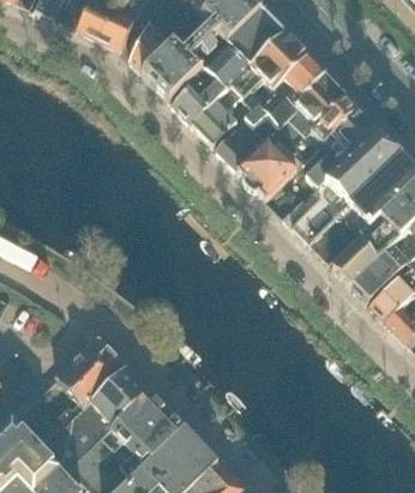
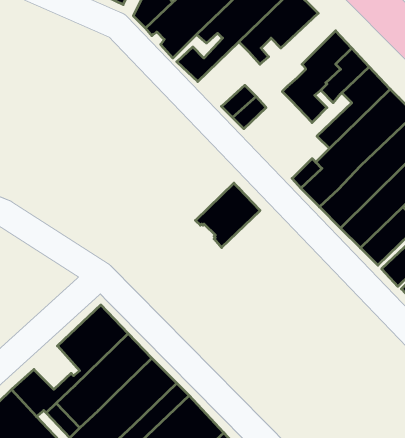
building: [245,56,325,131] -> none
building: [192,84,241,144] -> none
building: [240,136,302,198] -> [195,183,260,248]

